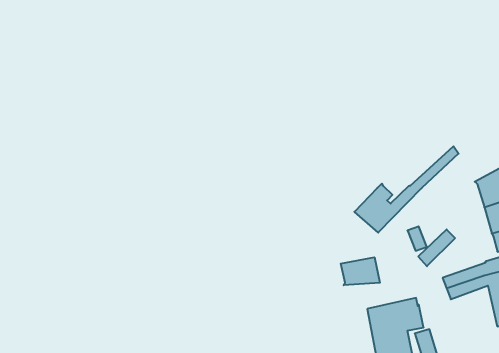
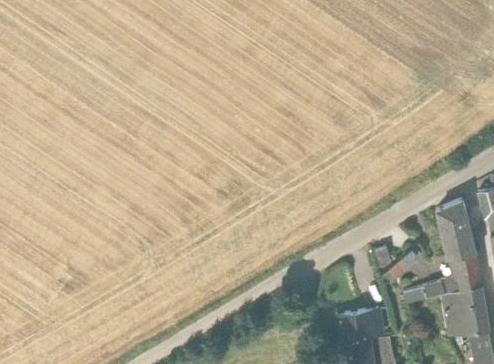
building: [354,146,459,233] -> none
building: [341,257,380,285] -> none

